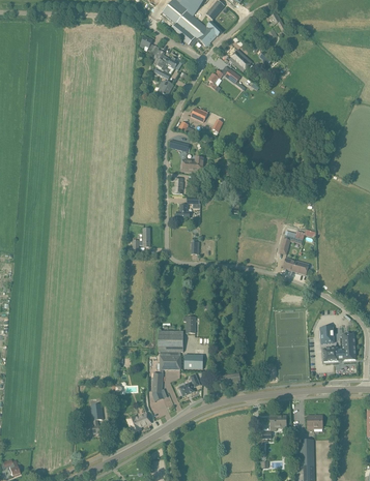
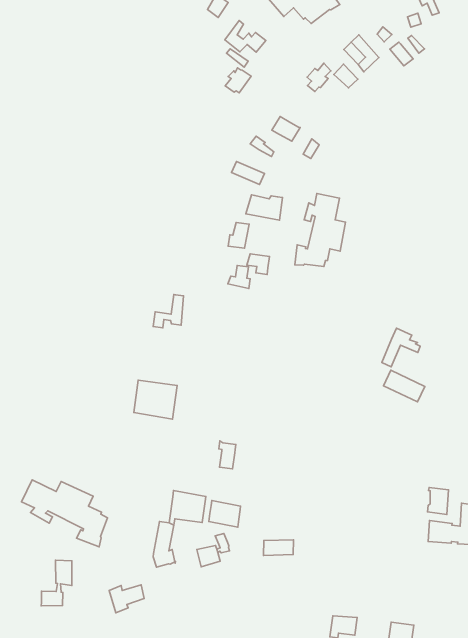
building: none -> [295,194,345,267]
building: [159,330,183,352] -> [134,380,177,419]
building: none -> [22,480,108,547]

